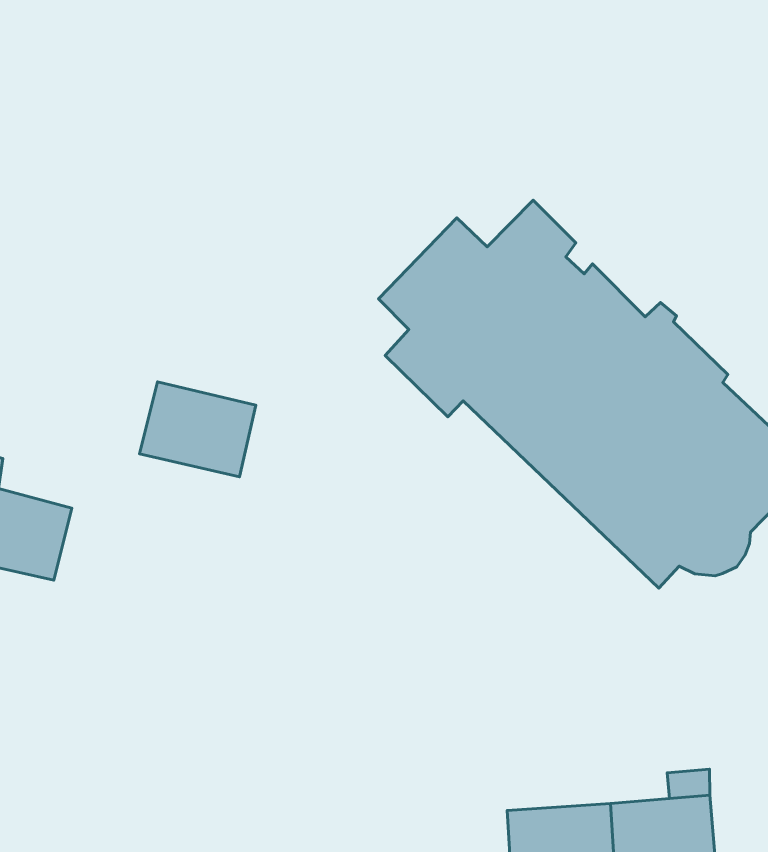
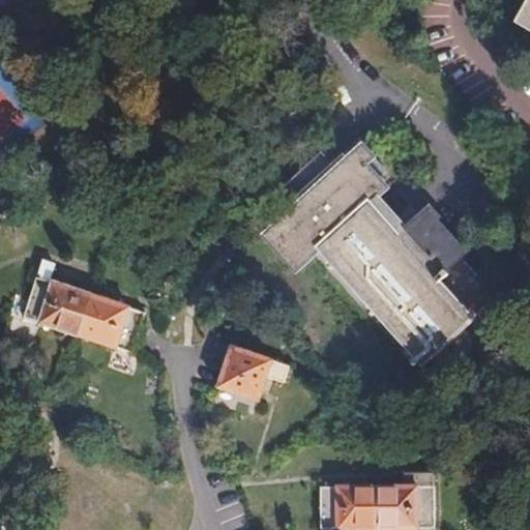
building: [139,382,256,477] -> [78,294,145,351]
building: none -> [217,346,272,398]

